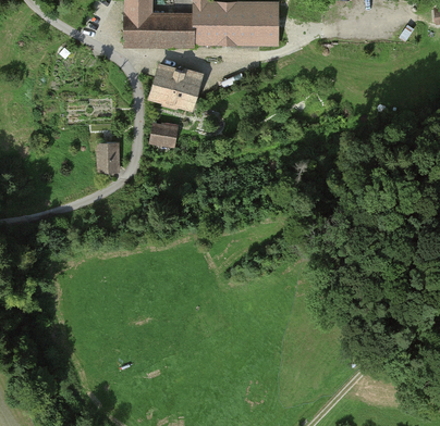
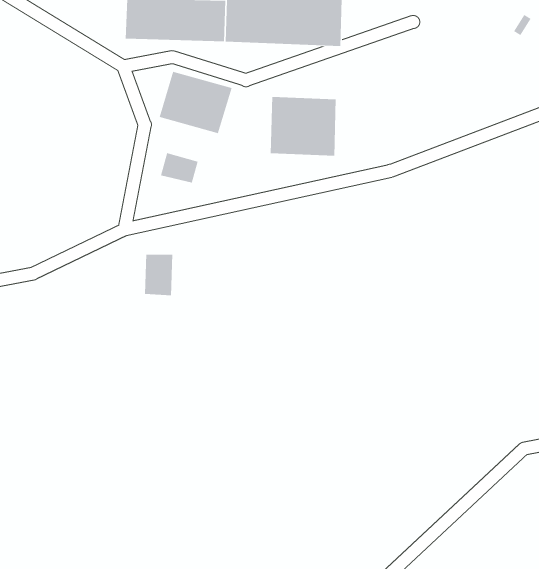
building: none -> [270,96,336,156]
building: [98,142,119,172] -> [144,254,173,296]

